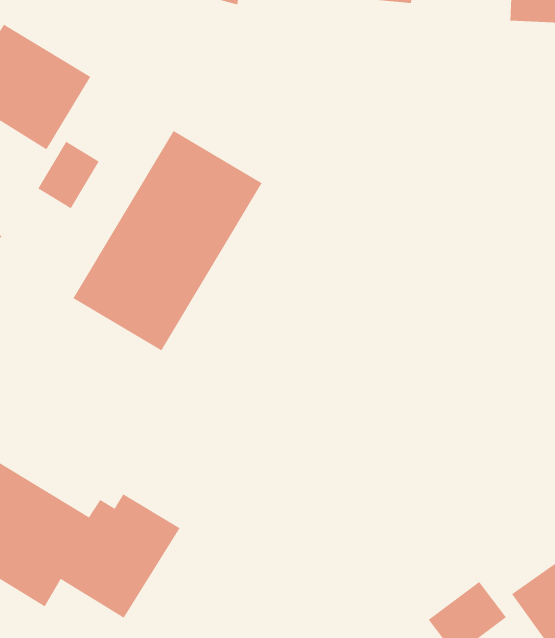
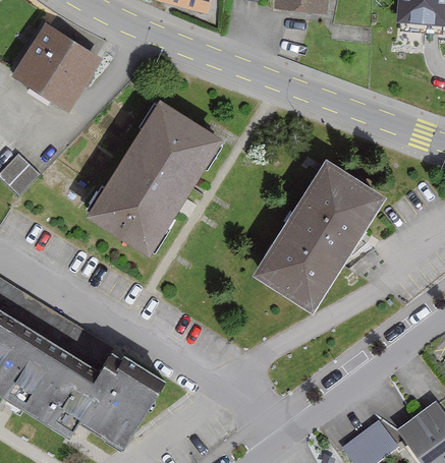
building: [38,141,100,209] -> none
building: none -> [254,159,386,313]

